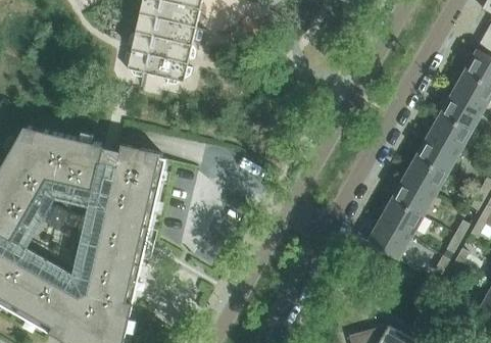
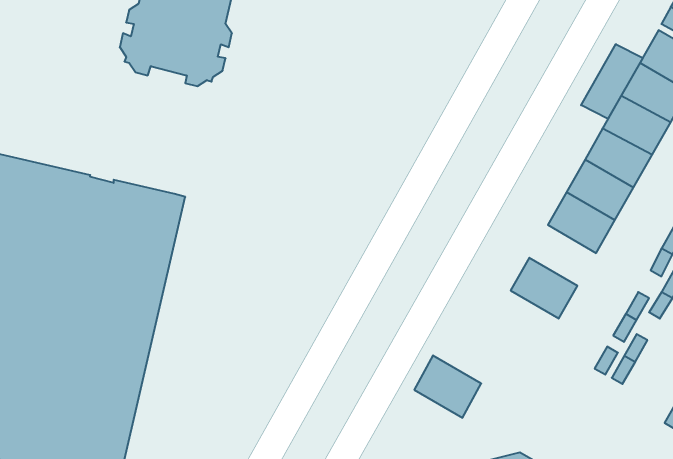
building: none -> [581,44,643,119]
building: [392,176,436,215] -> none
building: [367,218,411,259] -> [414,355,481,418]

